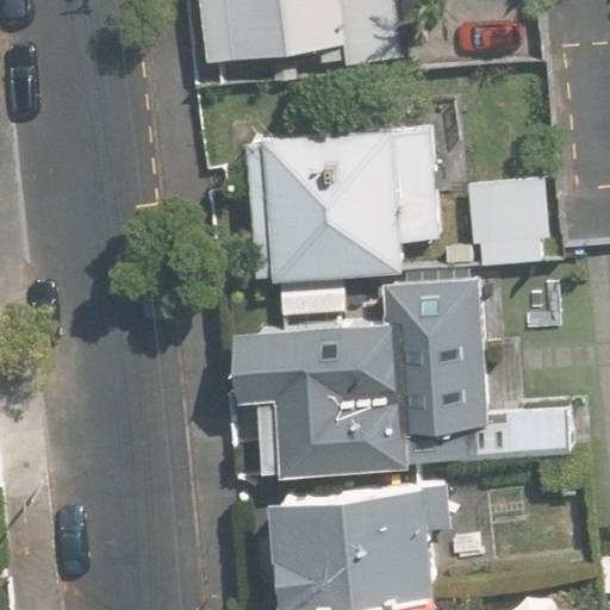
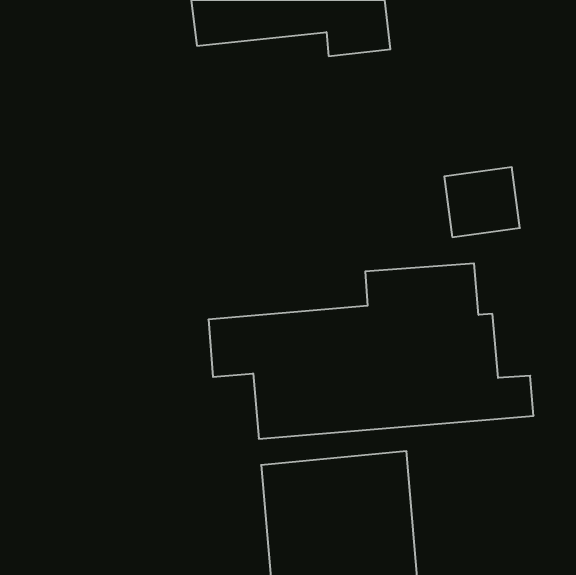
building: [249,129,440,306] -> none

